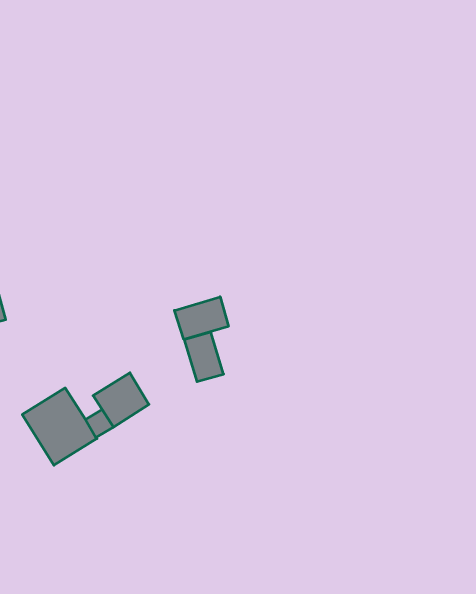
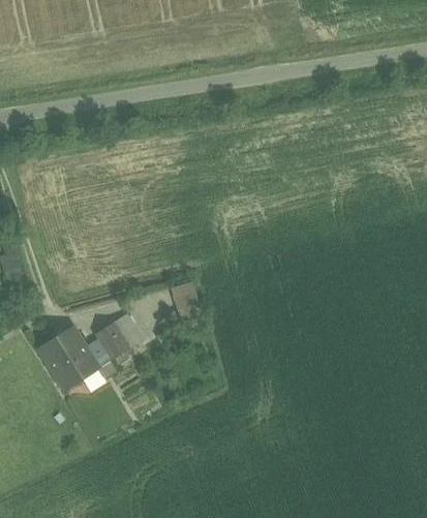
building: [174,297,228,339] -> none

